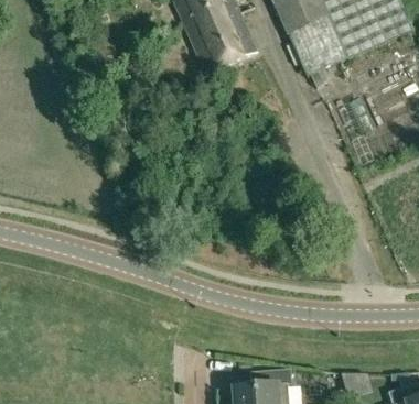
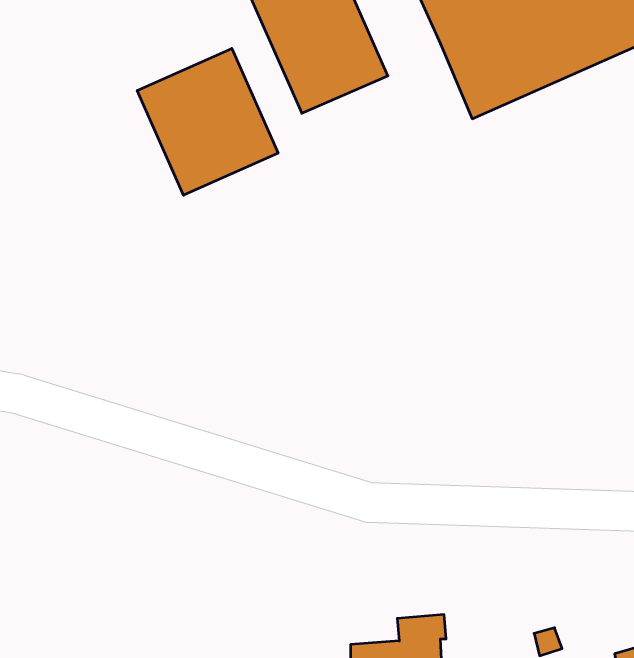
building: none -> [137,48,278,195]

